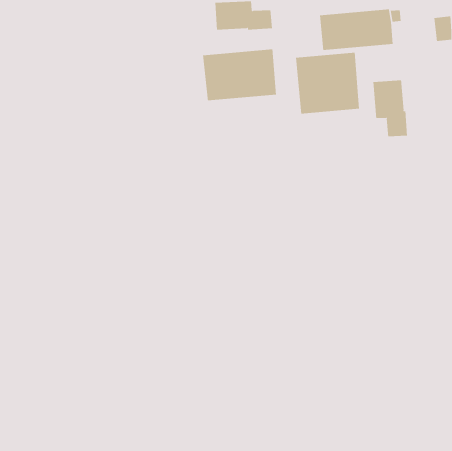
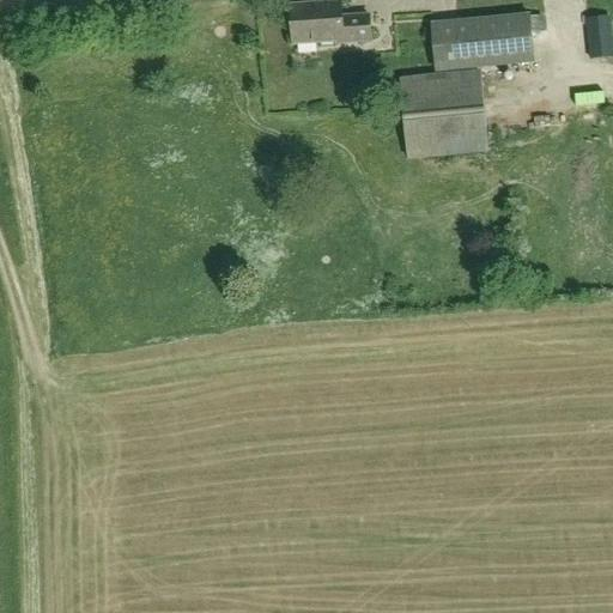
building: [203,49,276,101] -> none
building: [373,80,408,137] -> none

